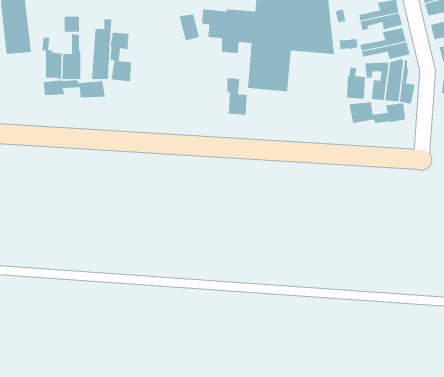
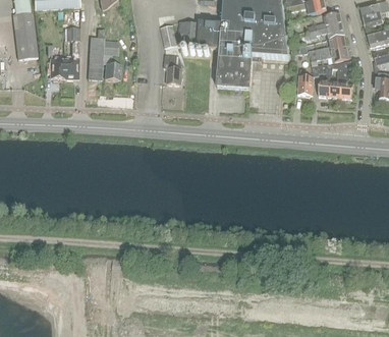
building: [227,78,248,115] -> [165,54,182,85]
building: [43,79,106,98] -> none
building: [349,102,406,124] -> none

